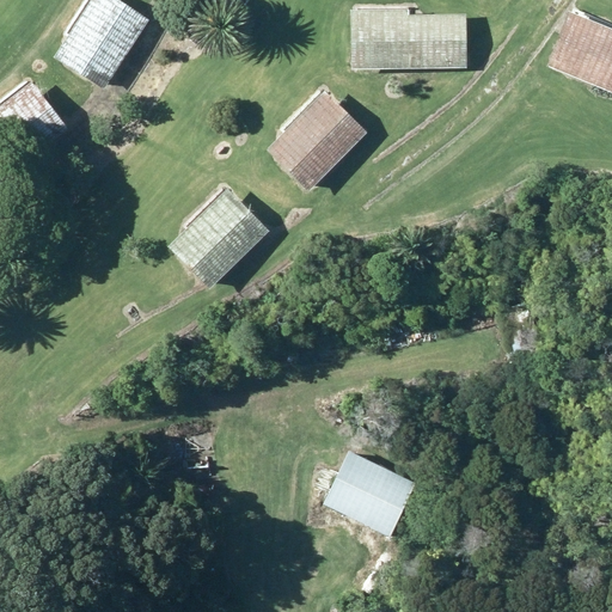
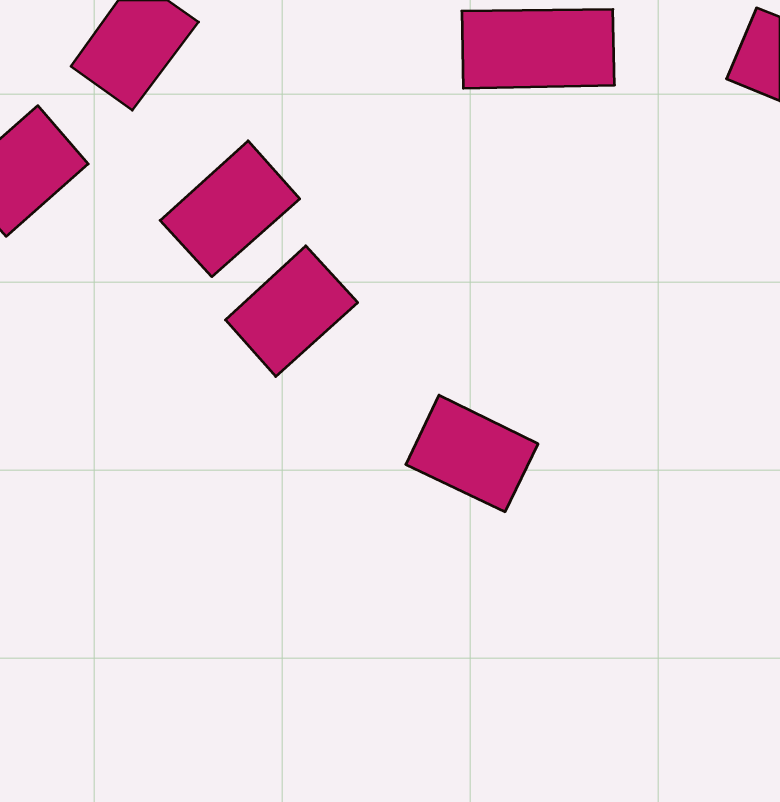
building: [269,90,369,190] -> none
building: none -> [160,141,300,277]
building: [319,445,420,533] -> [406,395,538,512]

